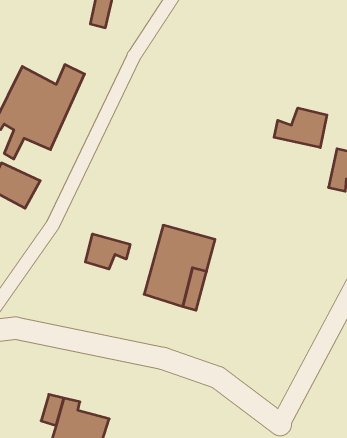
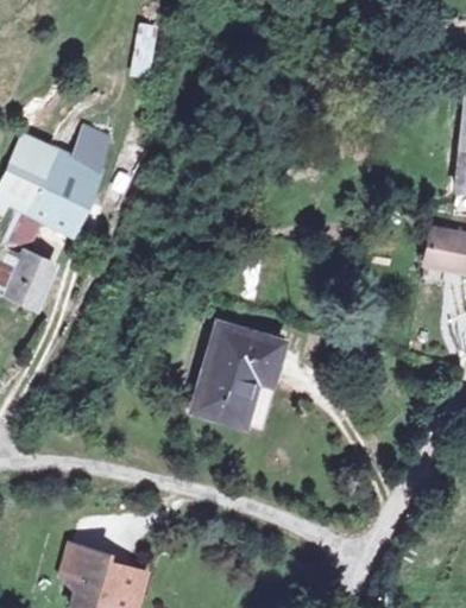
building: [274,108,327,148] -> none
building: [85,234,130,269] -> none

